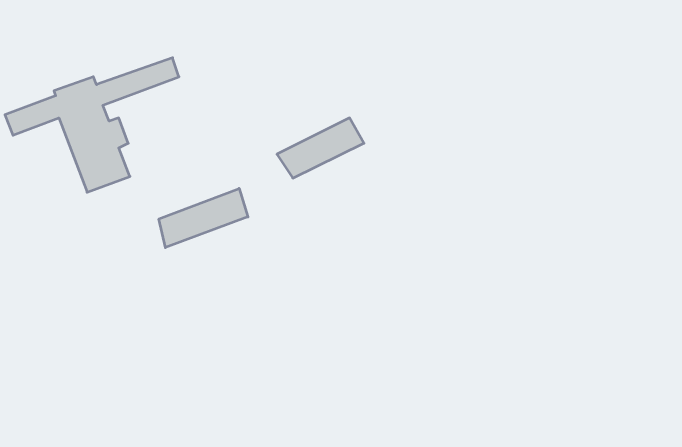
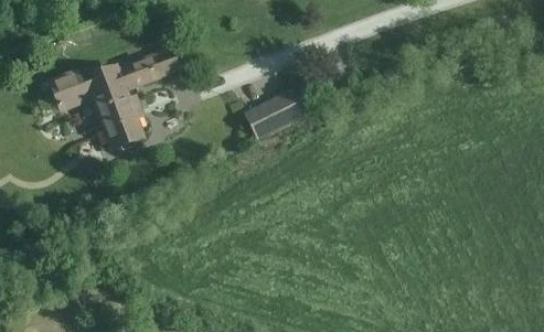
building: [159,188,248,248] -> none

